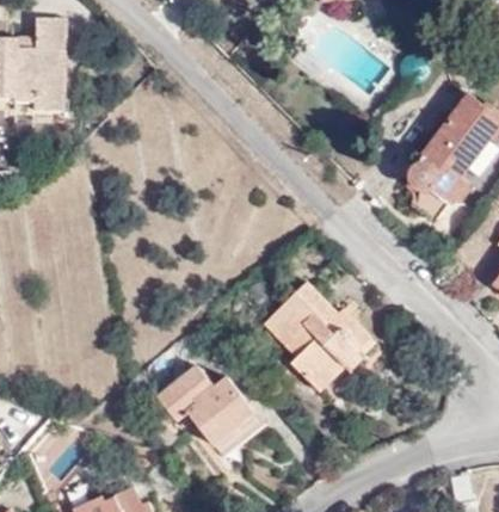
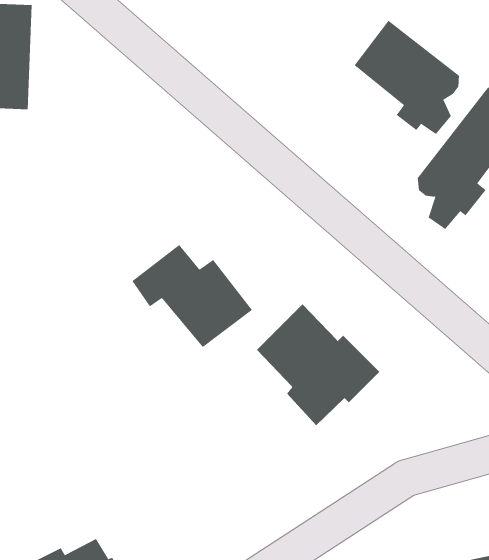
building: none -> [354,20,459,135]
building: [155,365,261,456] -> [132,244,253,348]

